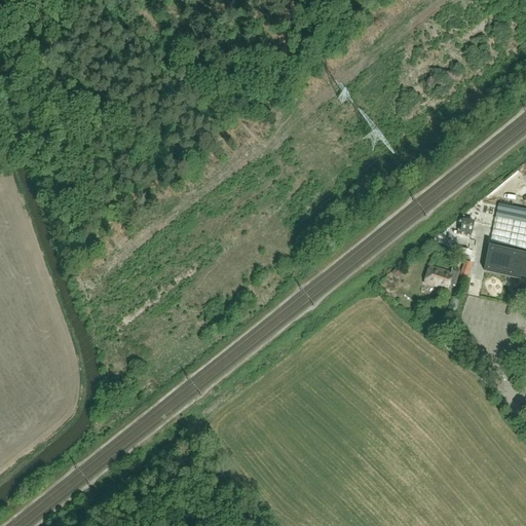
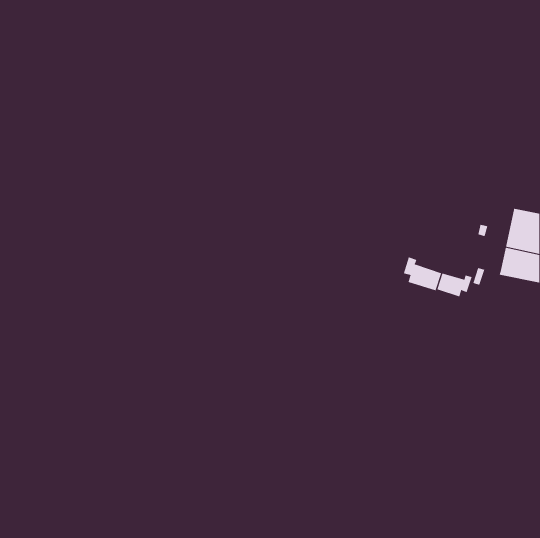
building: none -> [403,257,442,291]

